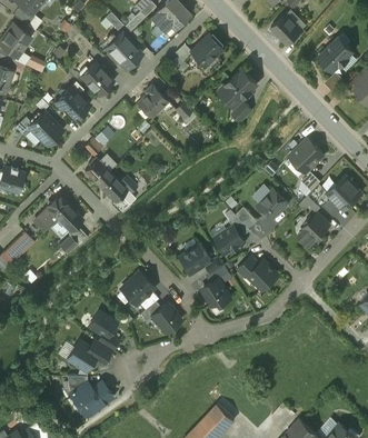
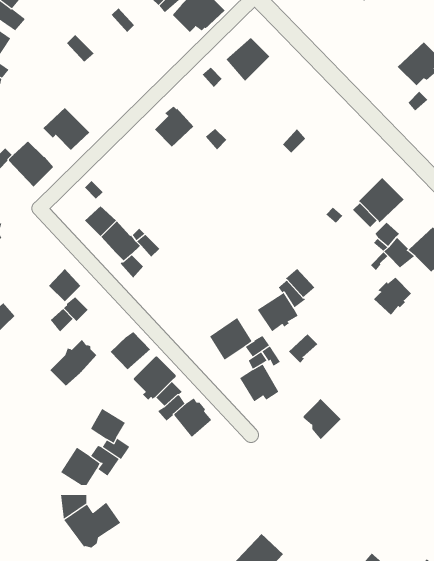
building: [270,13,302,44] -> none
building: [105,33,141,70] -> none
building: [78,62,113,96] -> none
building: [223,69,257,100] -> none
building: [257,189,287,220] -> none
building: [34,195,70,230] -> [49,339,97,386]
building: none -> [110,331,151,370]
building: [249,260,278,291] -> [303,398,341,440]

